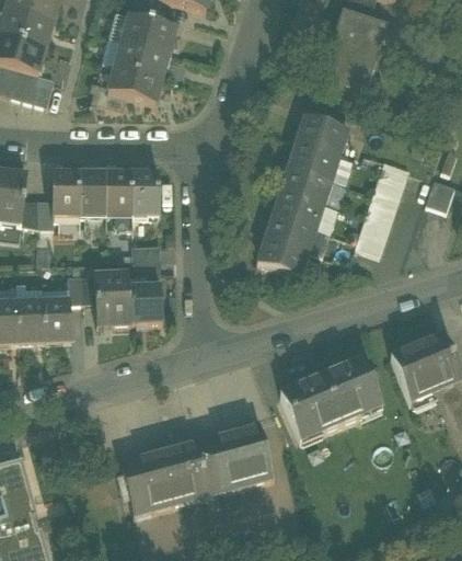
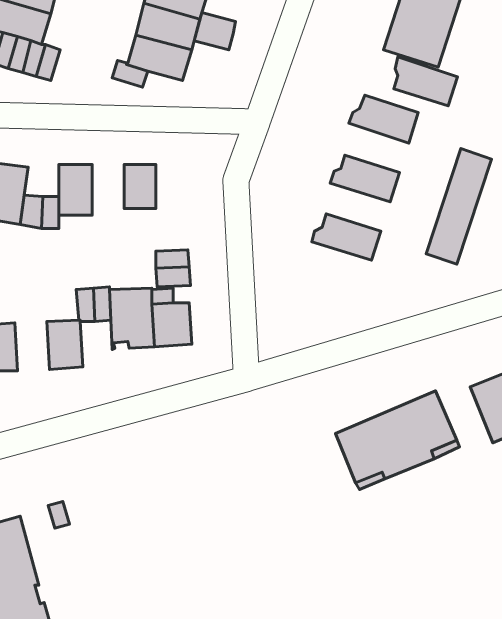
building: none -> [194,13,236,50]
building: [288,138,340,179] -> [394,57,458,106]
building: [80,172,106,208] -> none
building: [132,172,160,214] -> none
building: [273,187,325,227] -> none
building: [256,236,310,276] -> none
building: [16,301,45,342] -> none
building: [118,420,274,515] -> none

